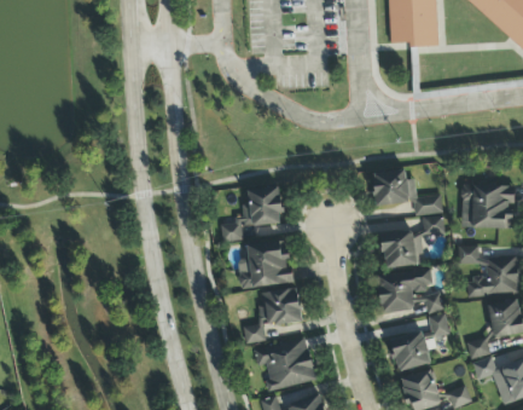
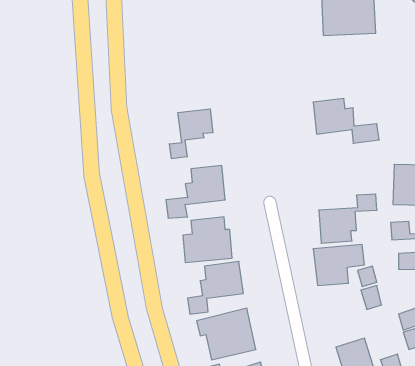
building: none -> [169,109,213,159]
building: [372,168,442,215] -> [313,99,379,143]
building: [390,331,429,370] -> none

